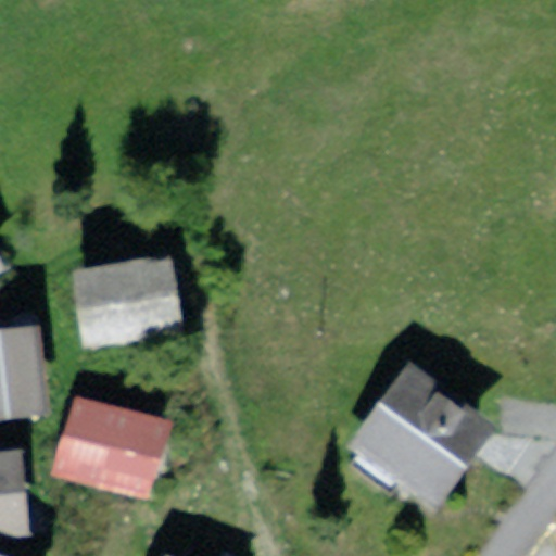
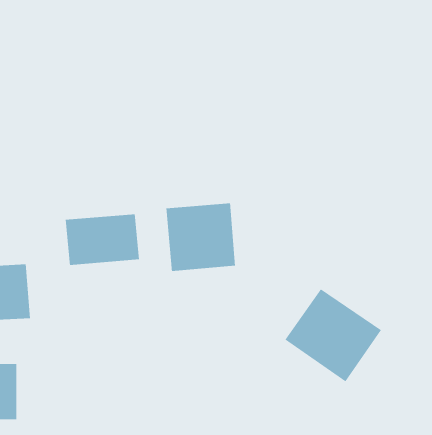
building: none -> [166,203,236,272]
building: [63,406,167,493] -> none

